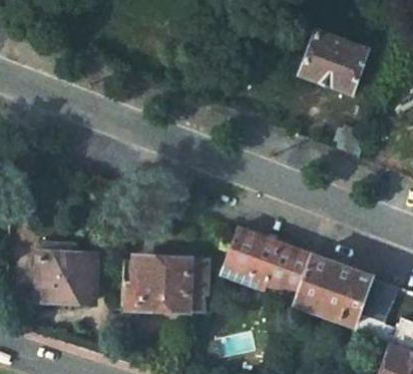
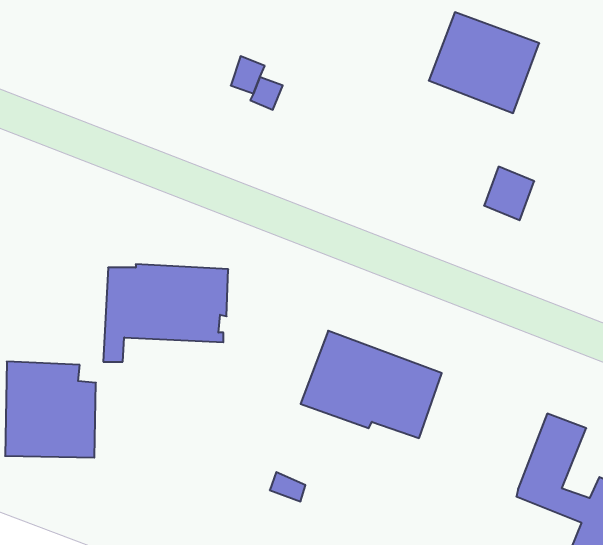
building: [291,254,373,325] -> none
building: [123,260,200,320] -> [103,264,228,362]

